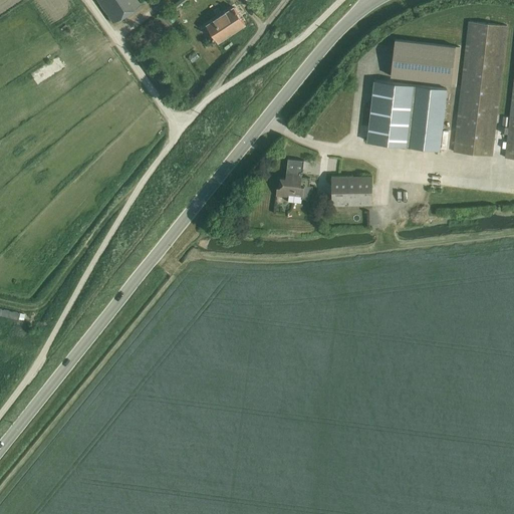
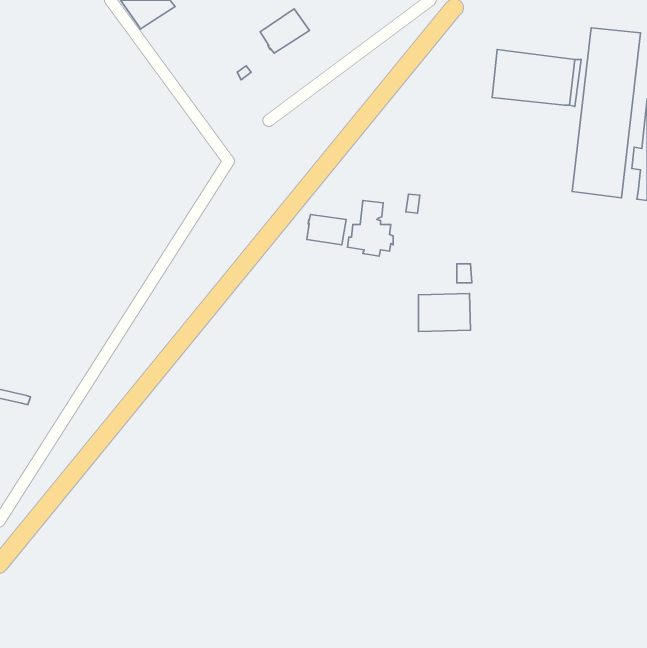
building: [366,80,446,151] -> none
building: none -> [307,215,346,245]
building: [331,176,372,206] -> [419,294,471,332]

